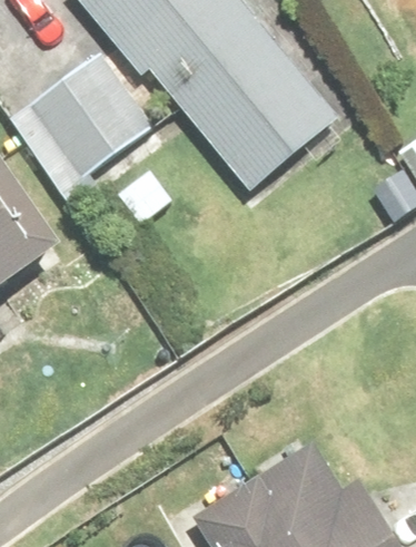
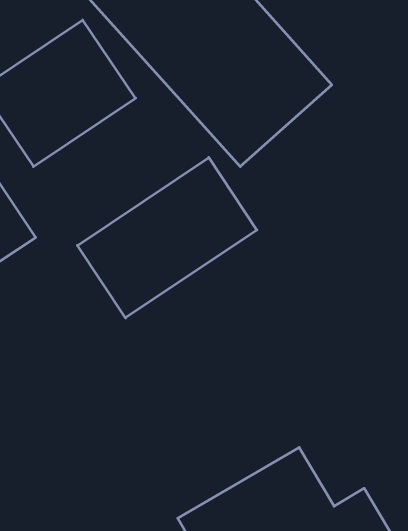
building: none -> [77,157,257,318]

